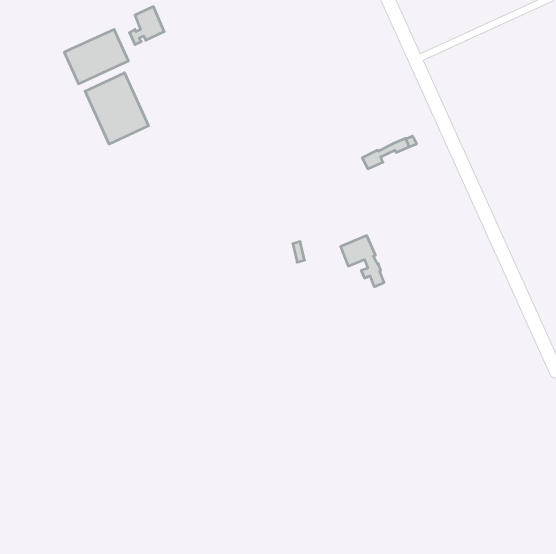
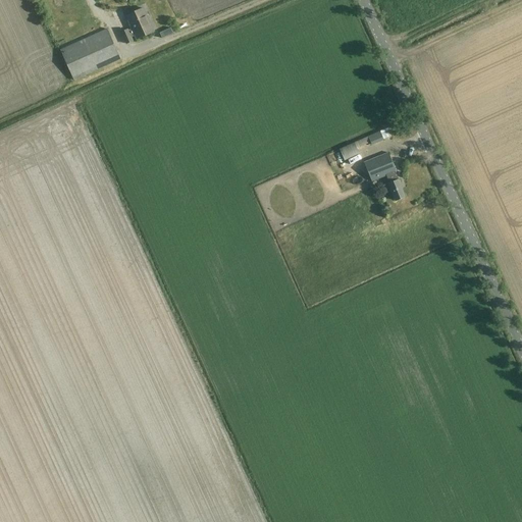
building: [85,73,149,144] -> none
building: [341,236,384,287] -> [364,151,405,199]

